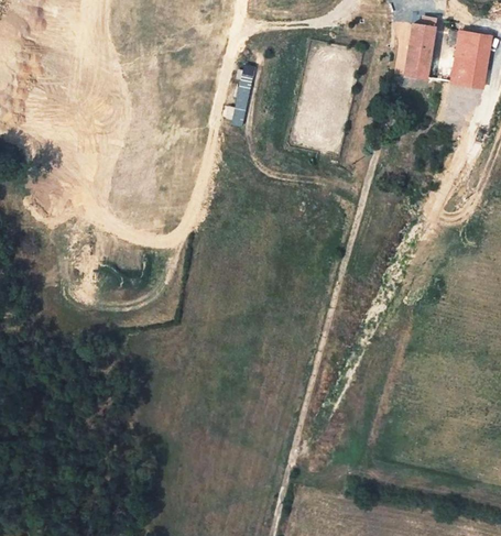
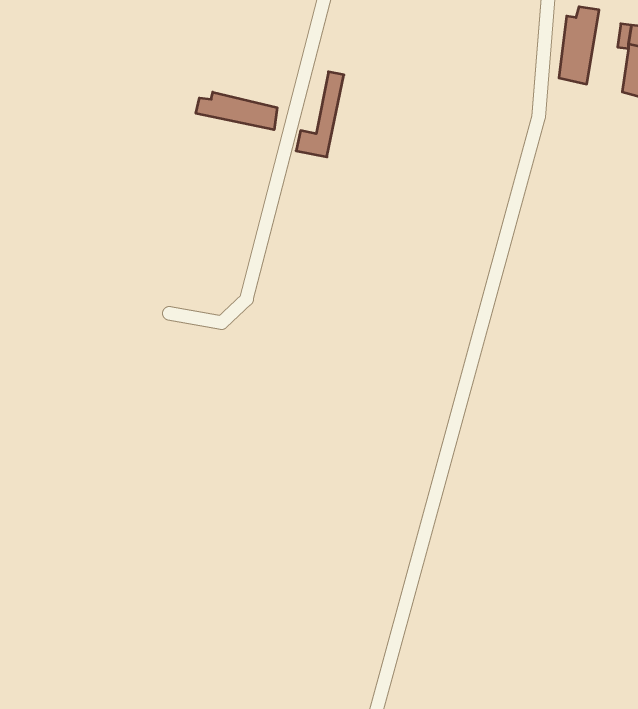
building: none -> [196,92,277,130]

